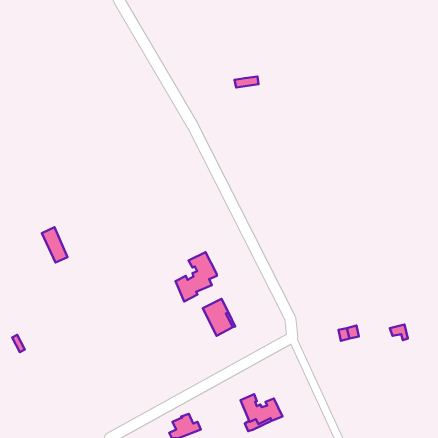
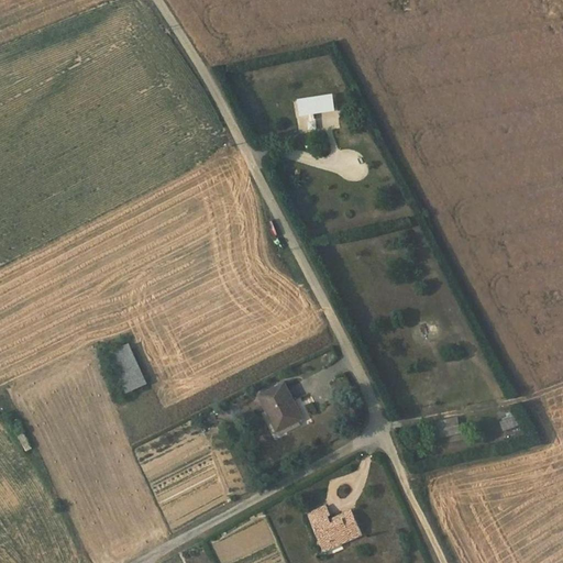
building: [42,227,68,262] -> [110,345,143,390]
building: [176,252,217,302] -> none

